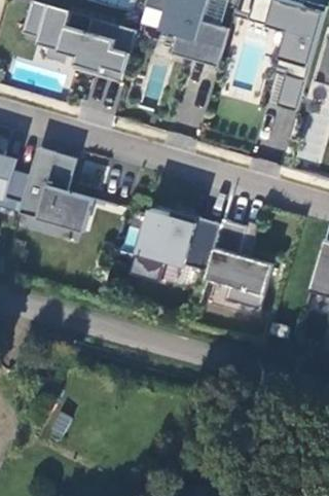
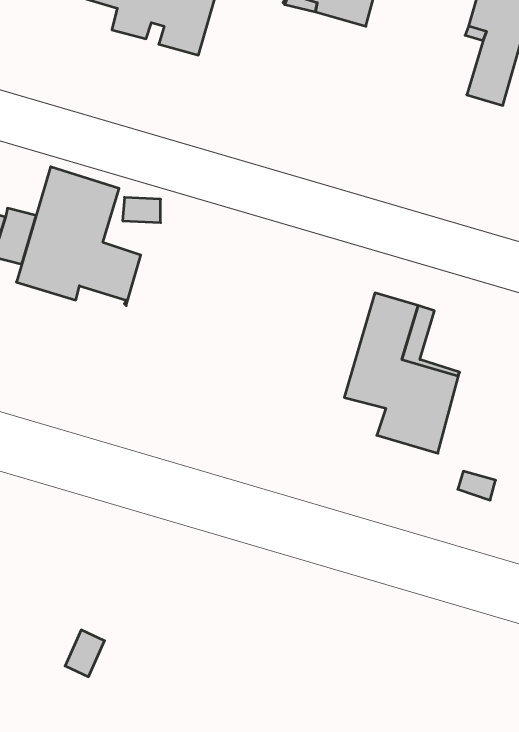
building: [132,208,221,280] -> none

